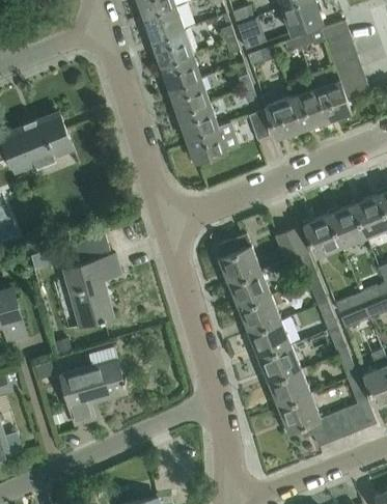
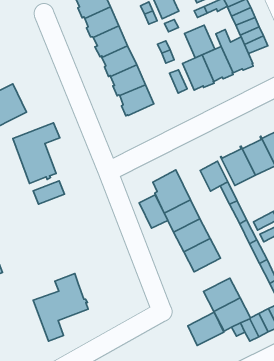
building: none -> [185,25,215,58]
building: [63,254,120,325] -> [13,123,60,184]
building: none -> [139,195,168,228]
building: [257,343,300,382] -> [188,312,224,346]

